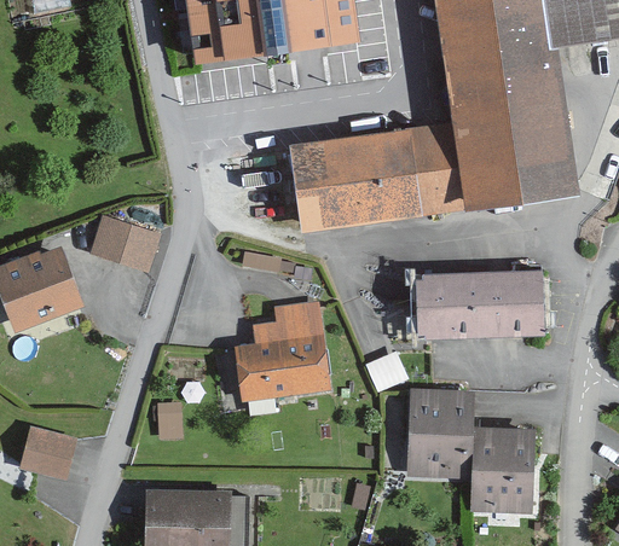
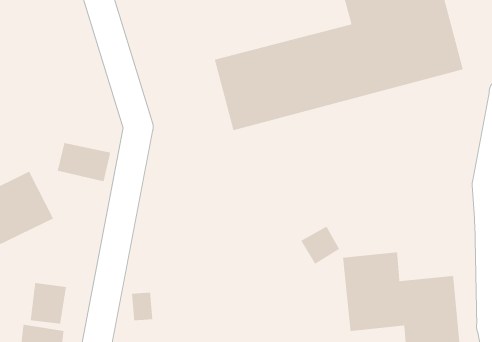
building: [416,271,543,338] -> none
building: [235,304,330,402] -> none
building: none -> [30,282,67,325]

